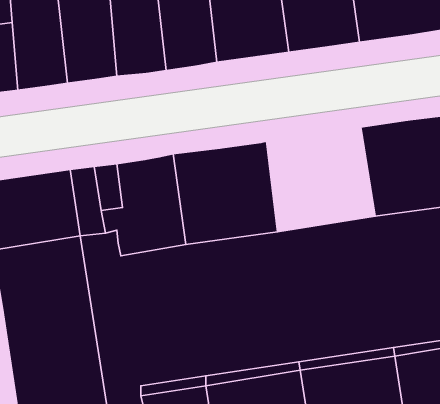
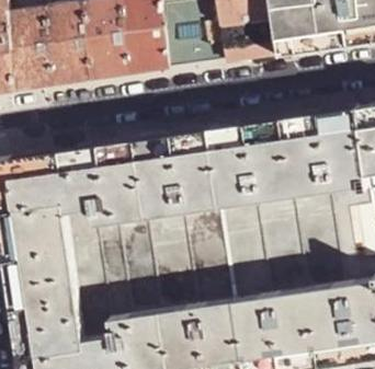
building: none -> [213,119,297,200]

